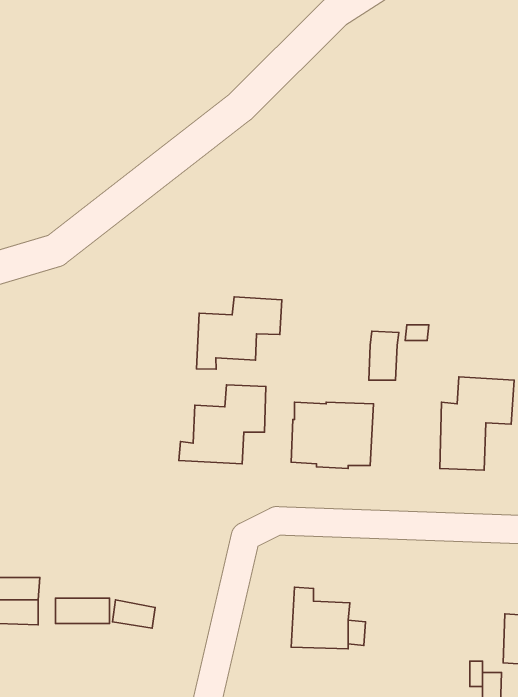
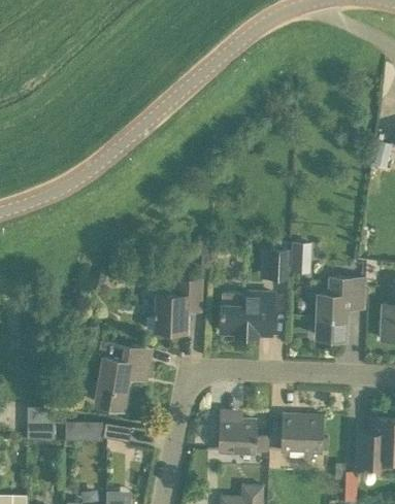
building: [196,297,282,369] -> none
building: none -> [96,343,153,410]
building: none -> [281,414,324,459]

